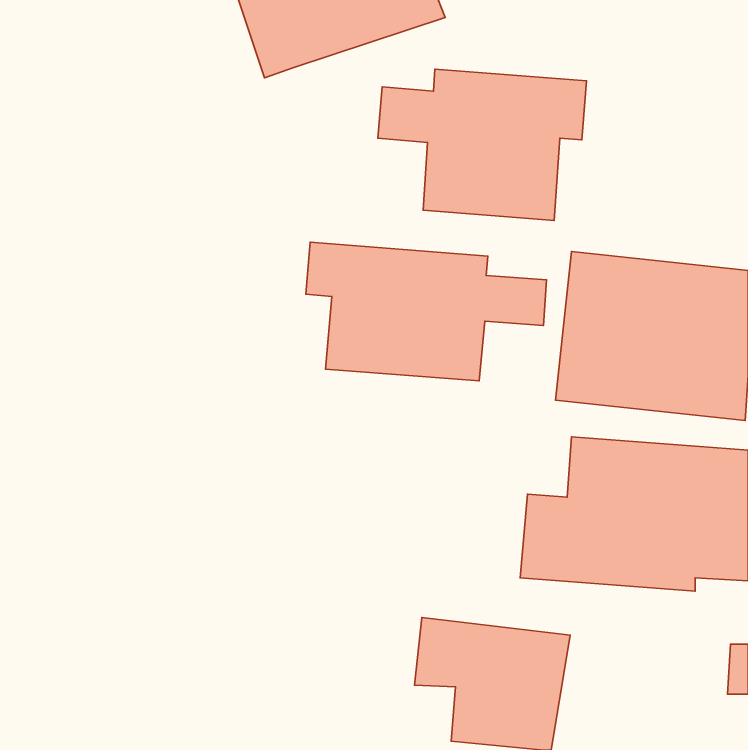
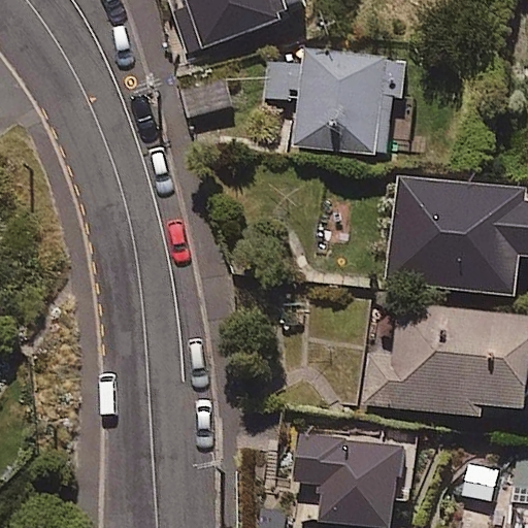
building: [306,242,546,381] -> none

